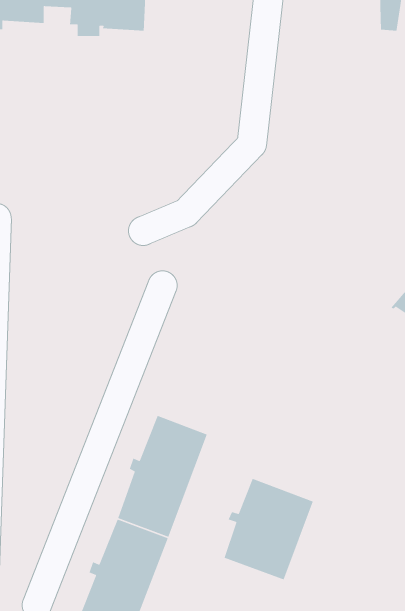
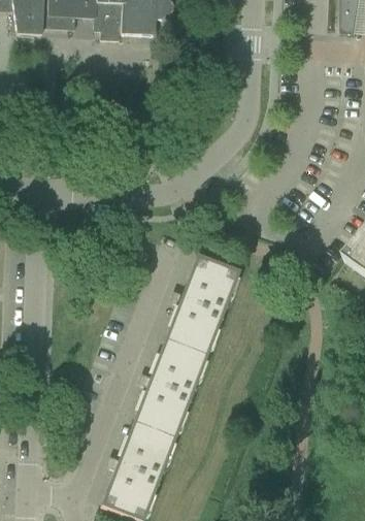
building: none -> [164,259,236,358]
building: [224,478,314,580] -> none

